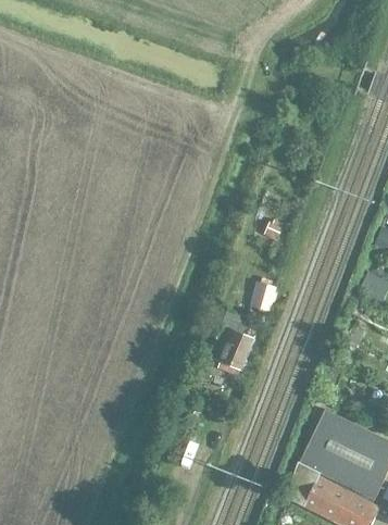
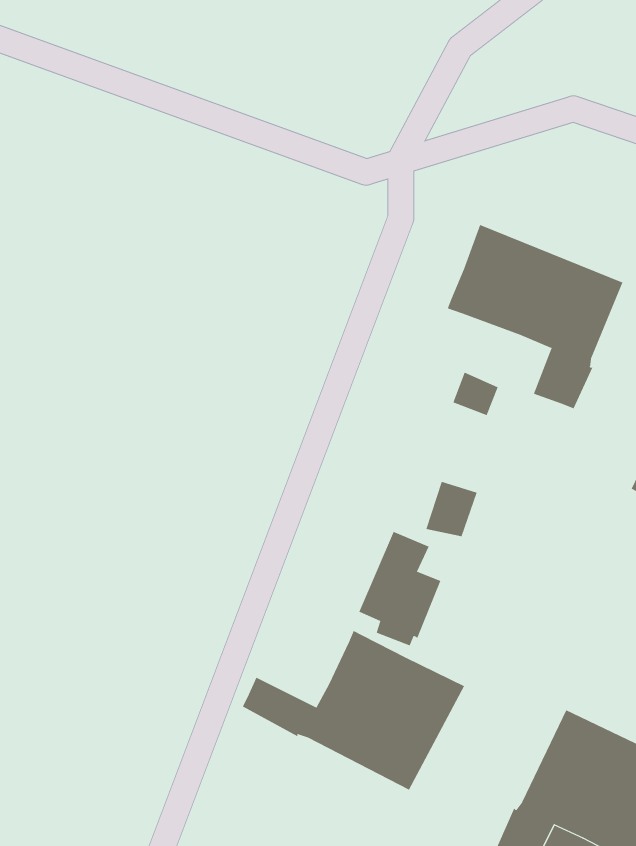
building: none -> [447,224,623,409]
building: none -> [242,630,465,790]

